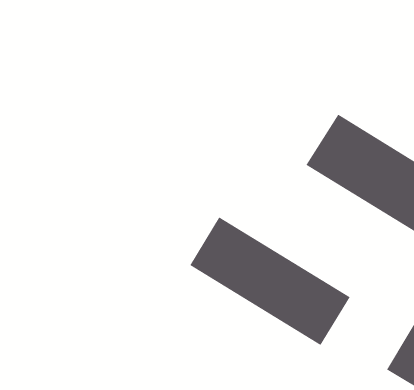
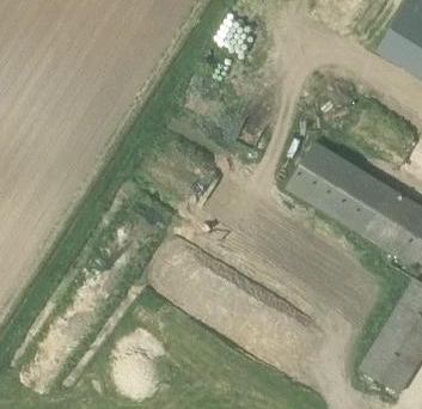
building: [189,216,350,346] -> none

